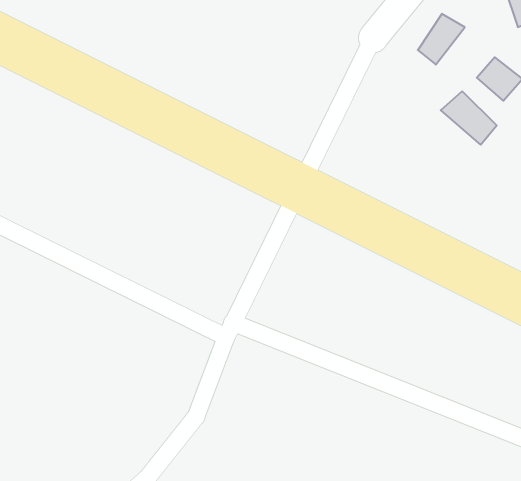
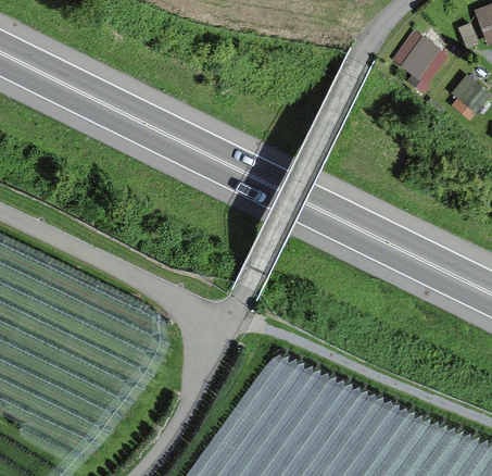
building: [441,91,497,145] -> none

